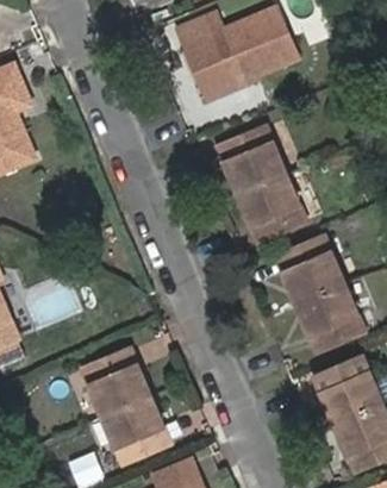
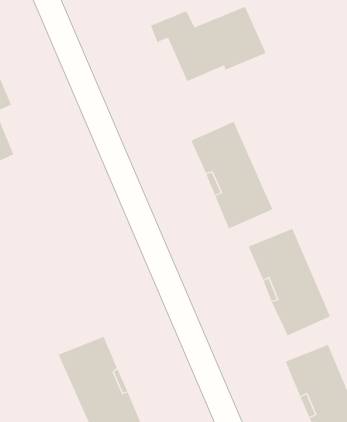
building: [183,42,256,100] -> none

